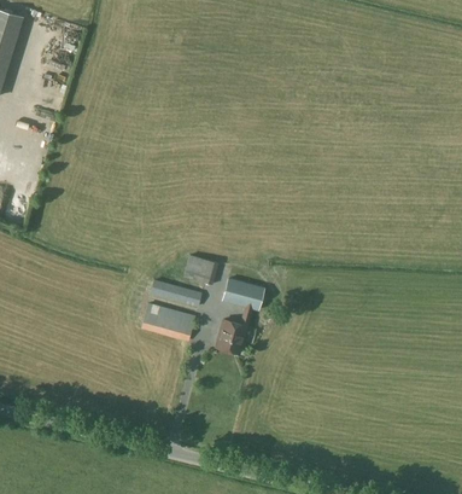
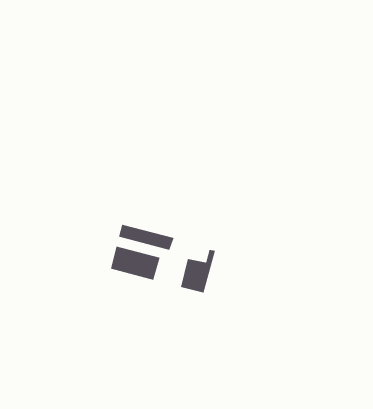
building: [182,256,212,283] -> none
building: [223,278,267,312] -> none

